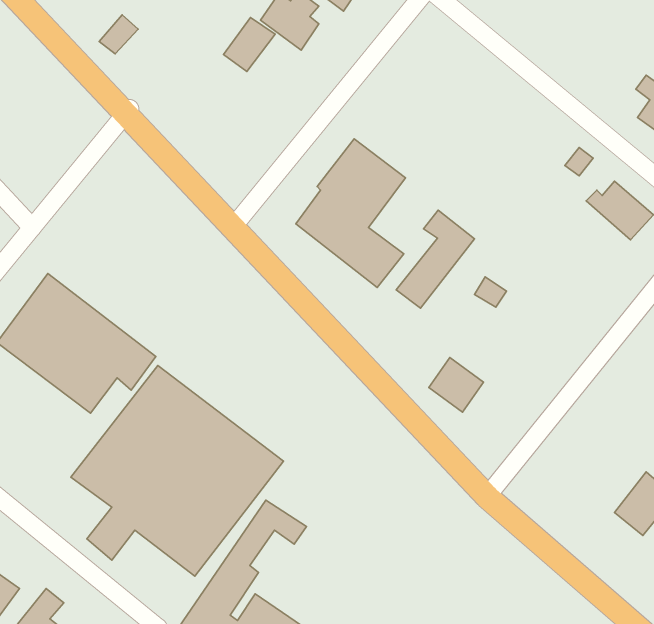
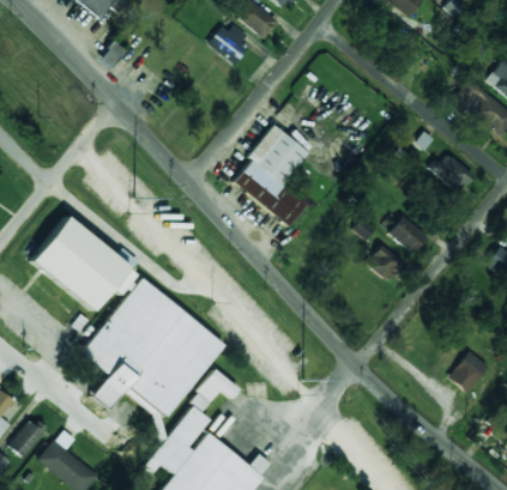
building: [223,18,275,72] -> none
building: [396,210,475,308] -> none
building: none -> [388,216,427,252]
building: [429,357,484,412] -> [367,244,404,282]

